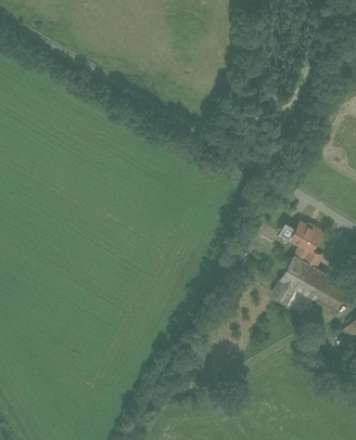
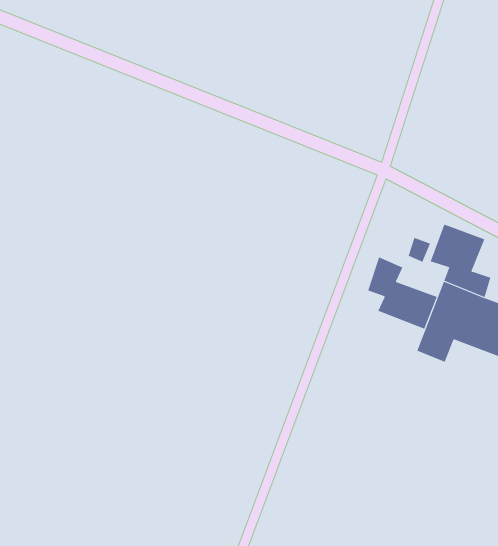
building: none -> [367,256,437,329]

